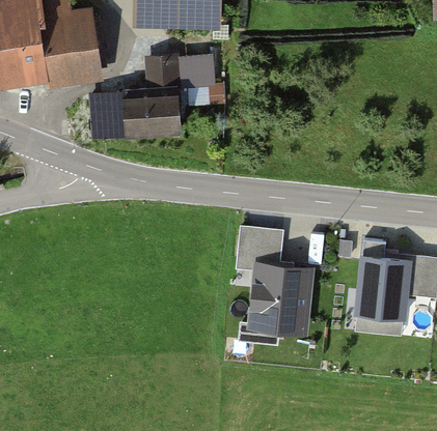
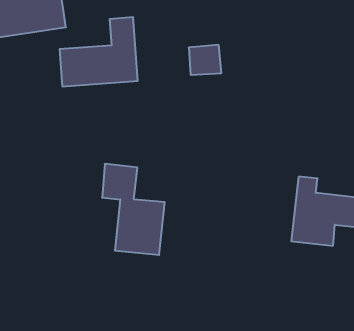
building: [180,55,217,89] -> [189,45,221,75]
building: [239,228,310,332] -> [102,164,165,255]

